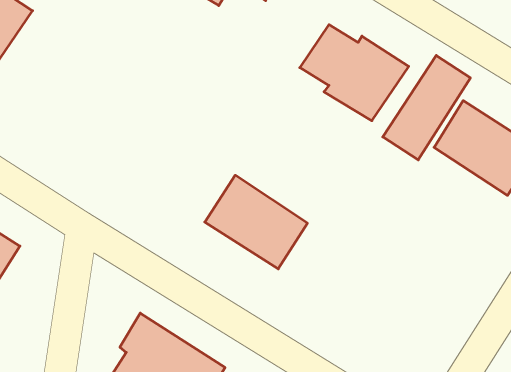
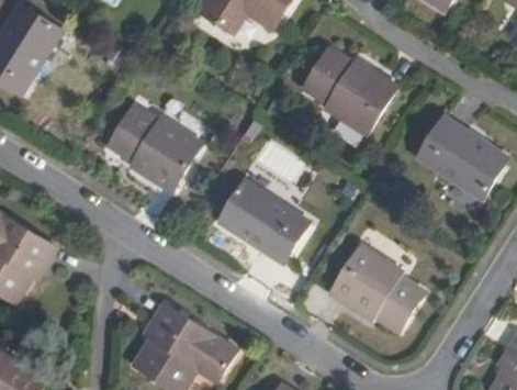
building: [383,55,470,160] -> none
building: none -> [109,108,201,191]
building: none -> [329,245,423,330]

